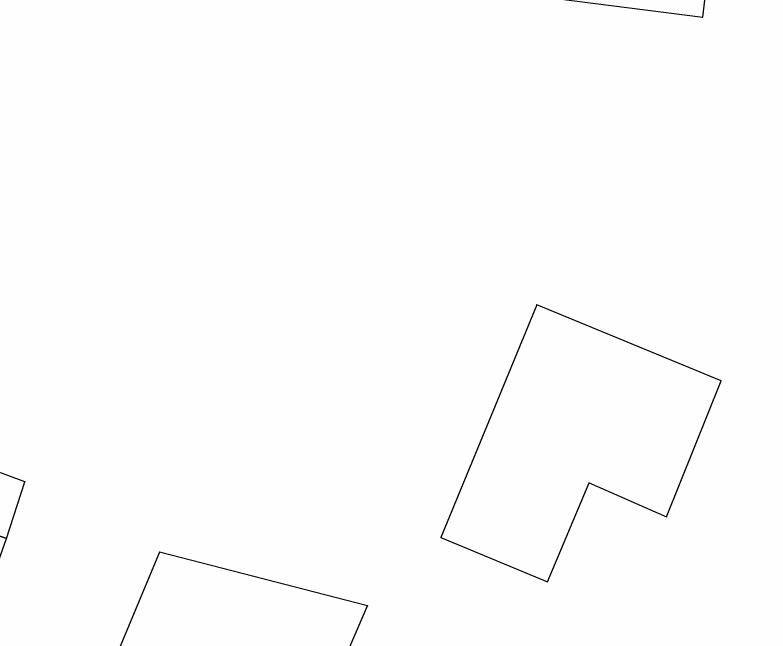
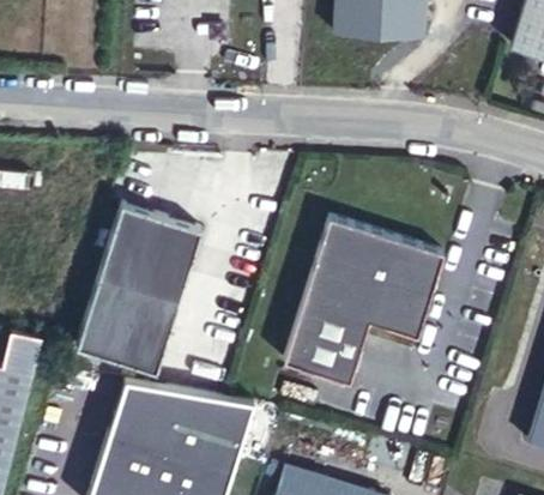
building: none -> [77,200,201,370]

